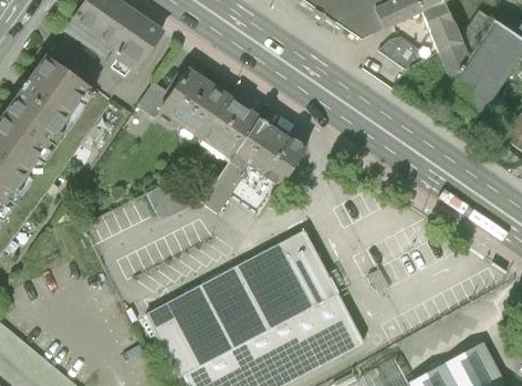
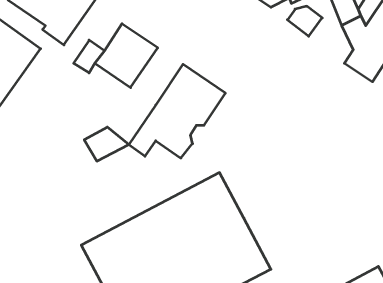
building: [200,86,260,152] -> none

